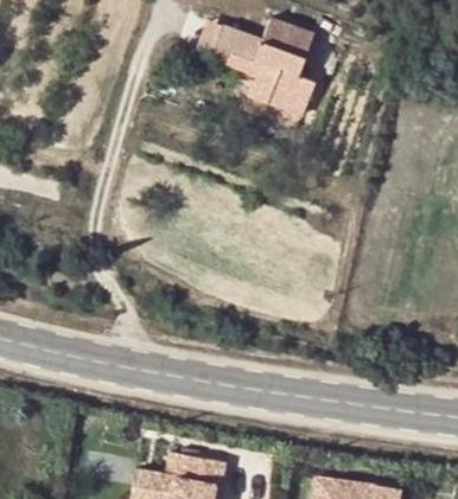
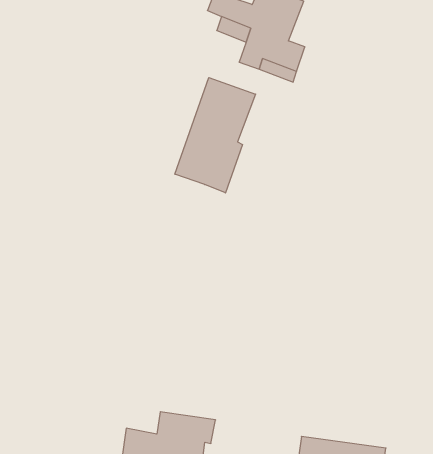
building: none -> [175,78,256,193]

